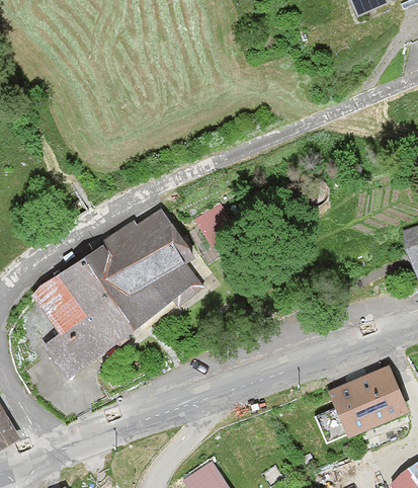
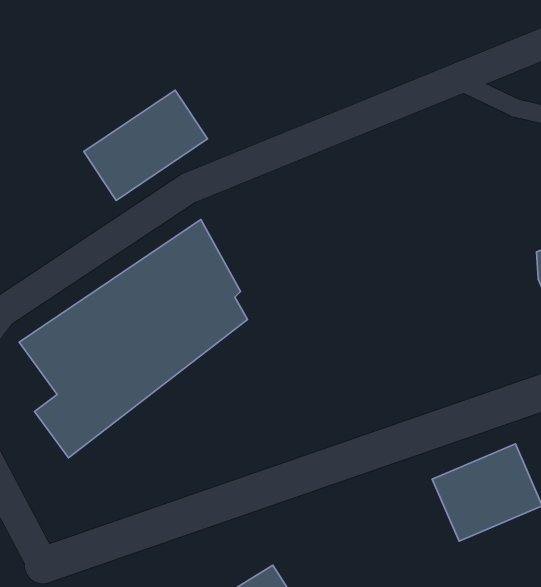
building: none -> [84,90,207,201]

